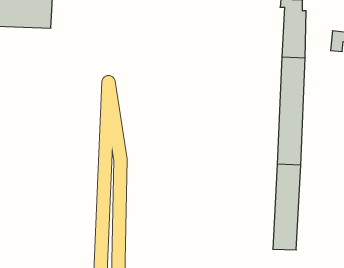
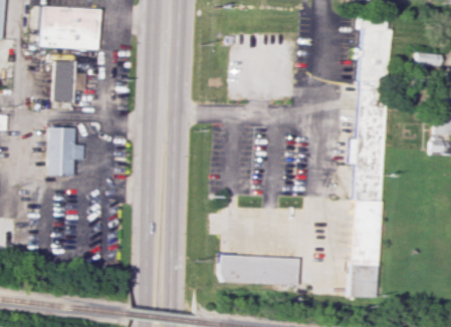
building: none -> [54,61,87,101]
building: none -> [49,127,85,177]
building: none -> [222,256,295,285]

